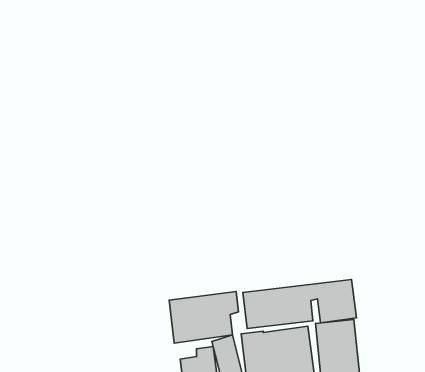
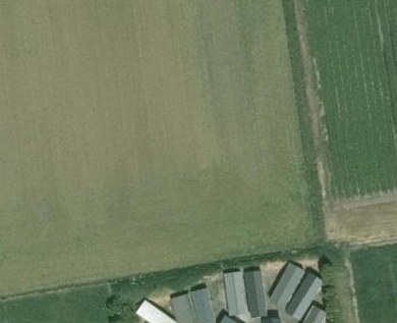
building: [243,279,357,329] -> none
building: [169,291,239,343] -> none

